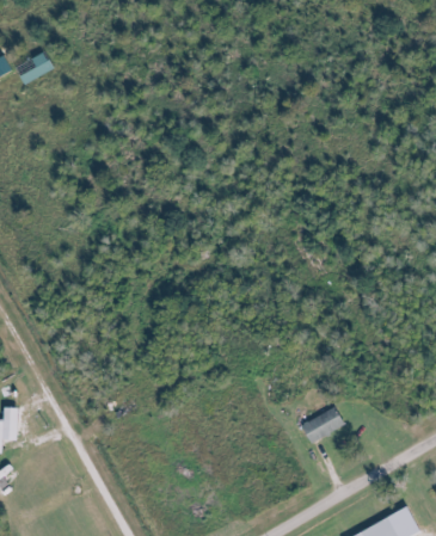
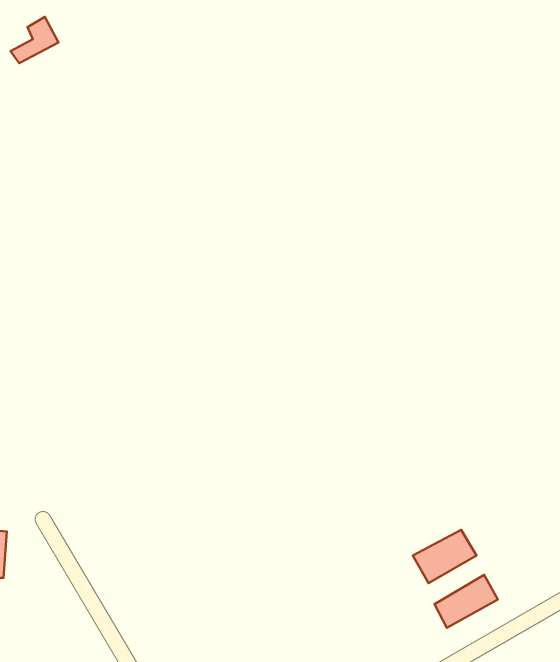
building: none -> [435,575,498,628]

